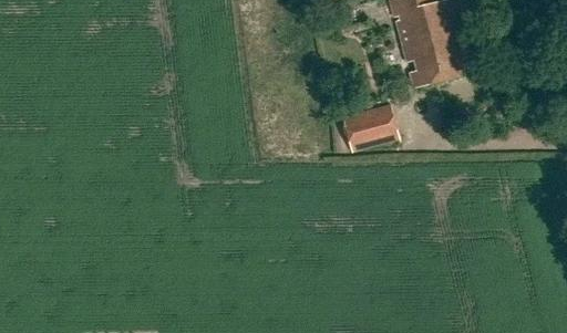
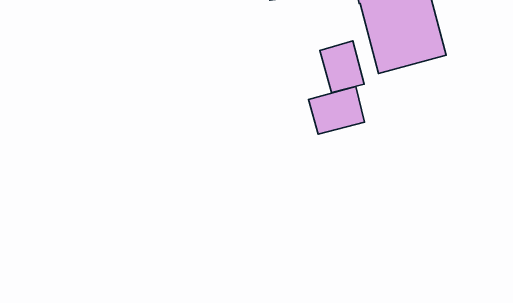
building: none -> [320,41,364,92]

